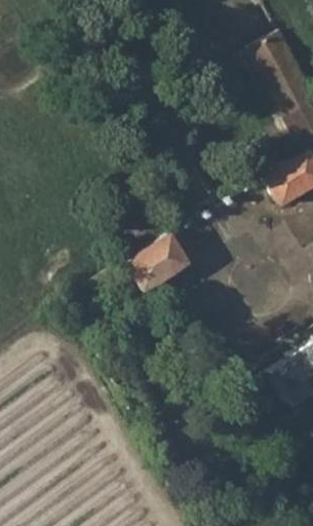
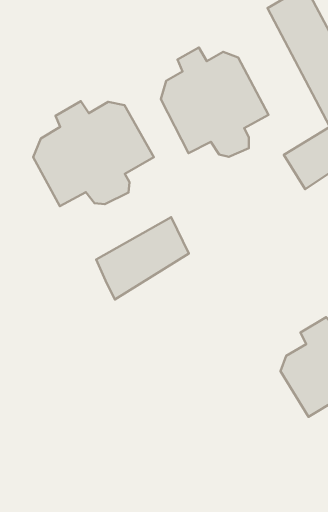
building: none -> [161,48,268,157]
building: none -> [33,101,154,206]

